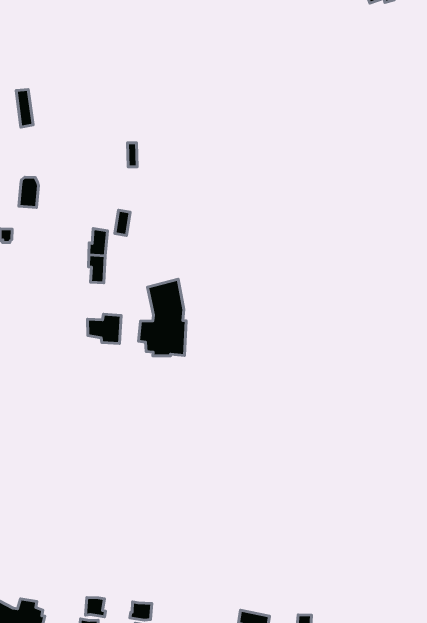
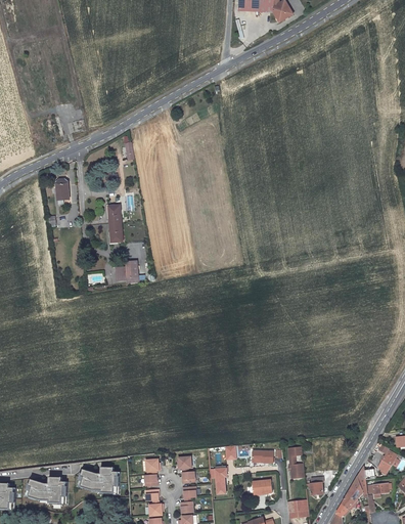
building: [138,279,186,356] -> none

